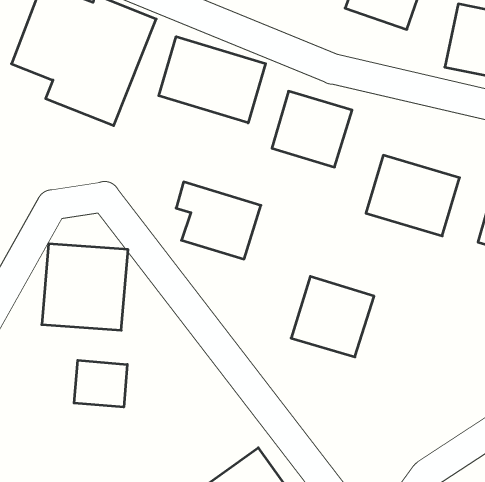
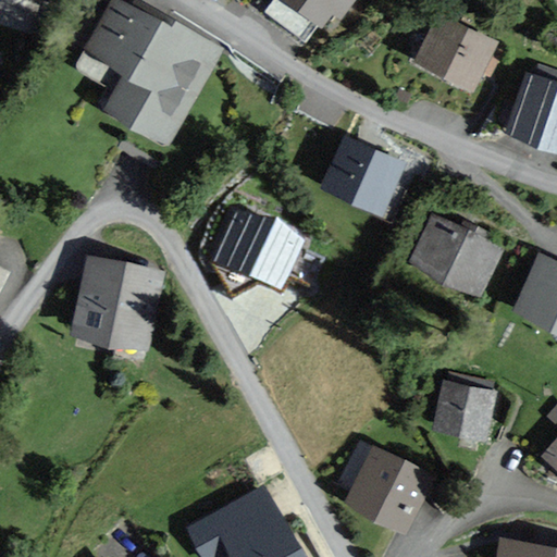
building: [159,37,266,123] -> none
building: [291,276,374,357] -> [348,446,436,532]
building: none -> [432,379,494,438]
building: [74,360,127,407] -> none

